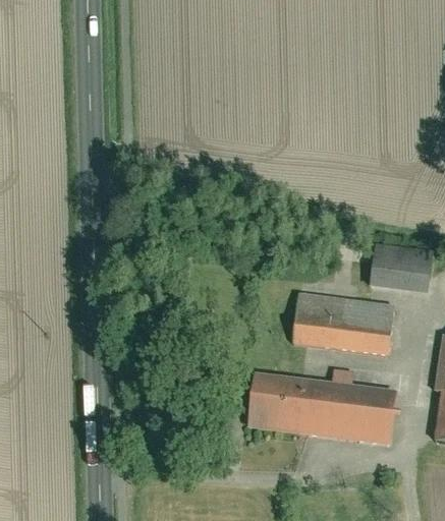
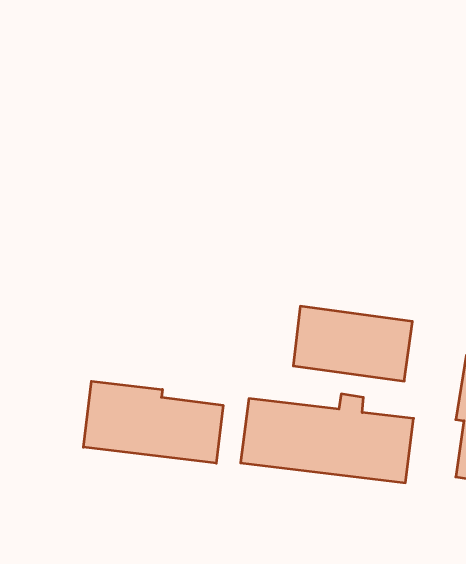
building: [369,242,434,293] -> none
building: none -> [83,381,223,463]

